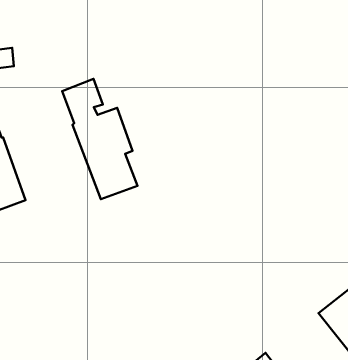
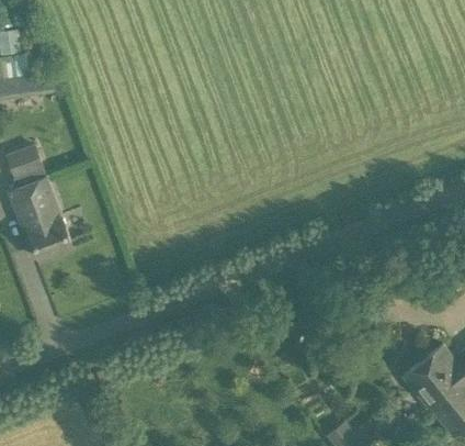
building: [62,79,137,199] -> none

